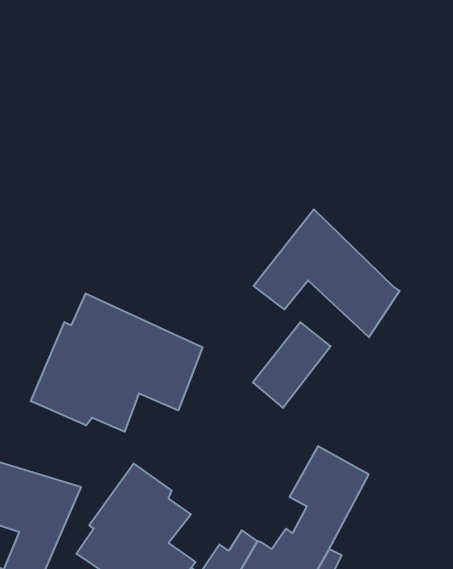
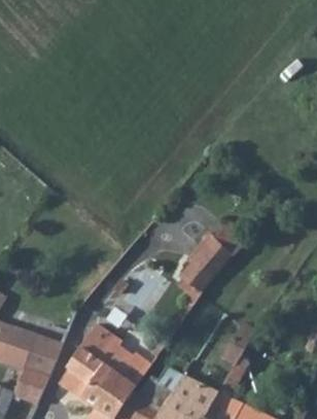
building: [254,209,400,337] -> none
building: [31,293,202,432] -> none

